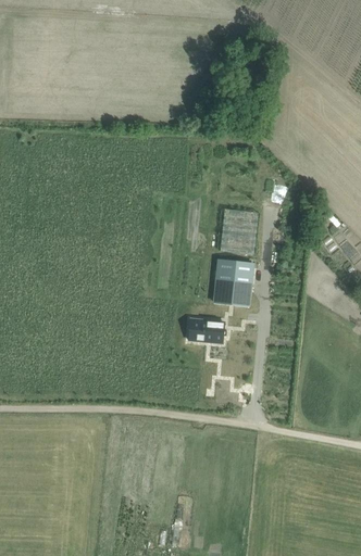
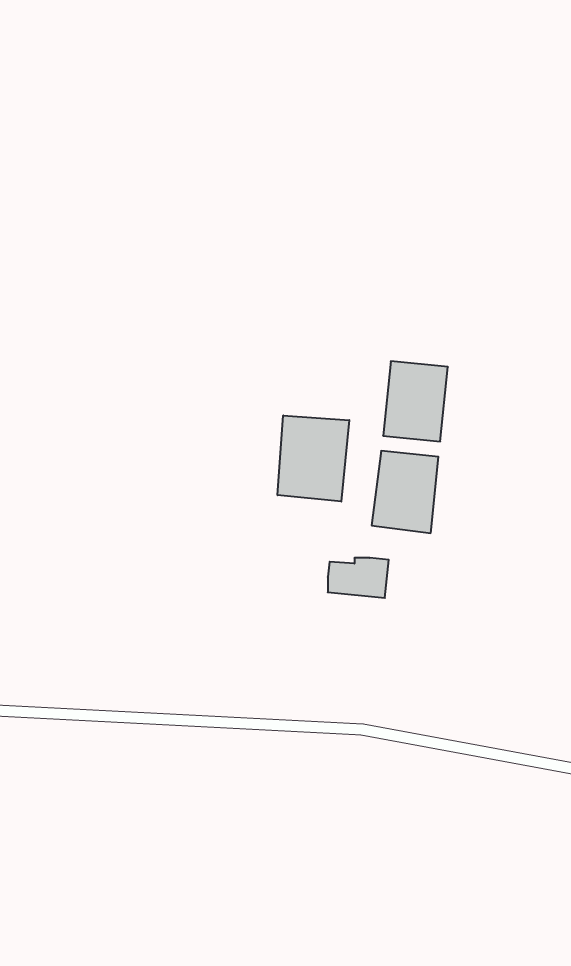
building: none -> [278,415,349,502]

